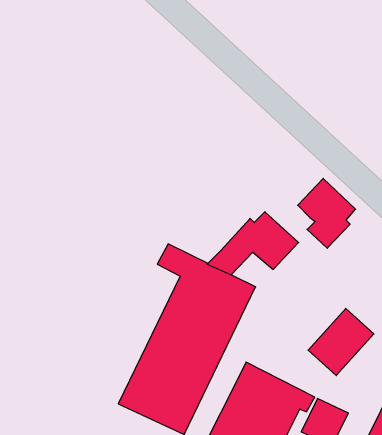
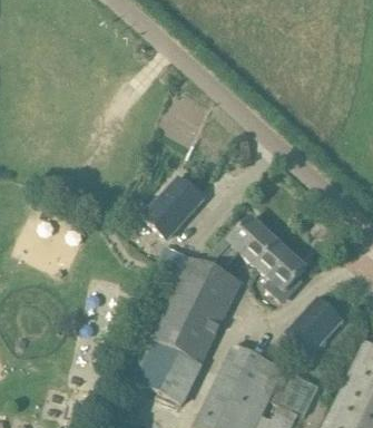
building: none -> [144,178,203,239]
building: [298,178,356,248] -> [258,244,306,302]

